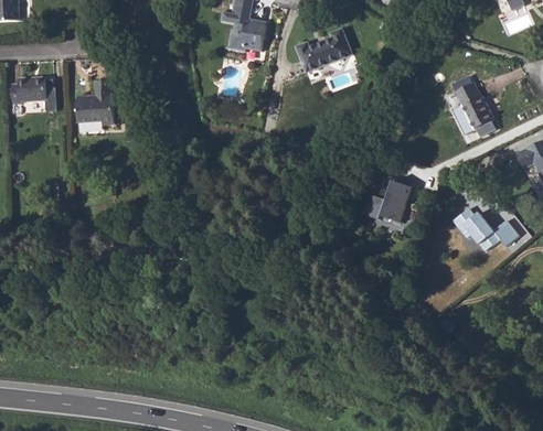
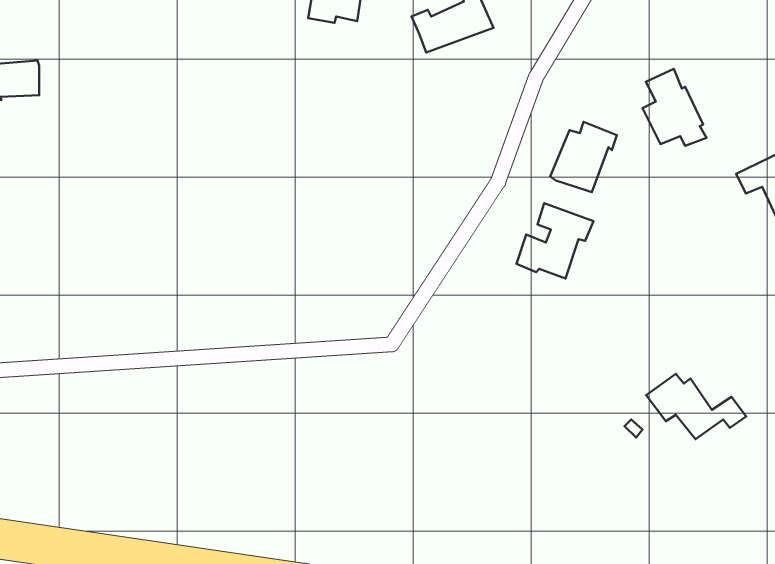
building: [76,80,114,125] -> none
building: none -> [550,122,617,192]
building: [450,206,518,250] -> [646,374,746,439]

